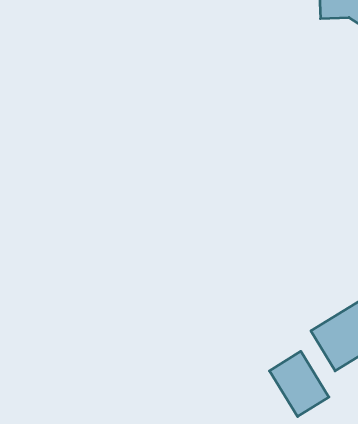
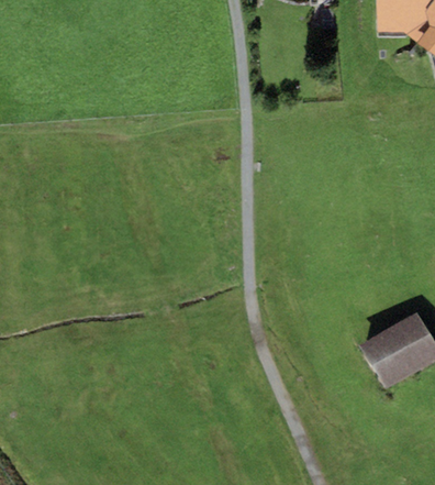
building: [269,351,329,417] -> none

